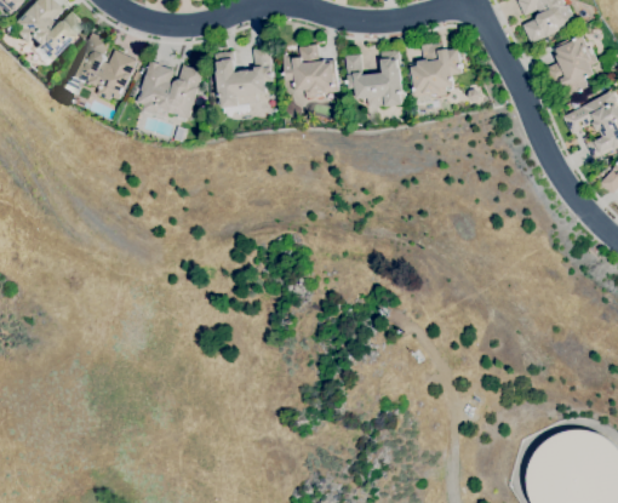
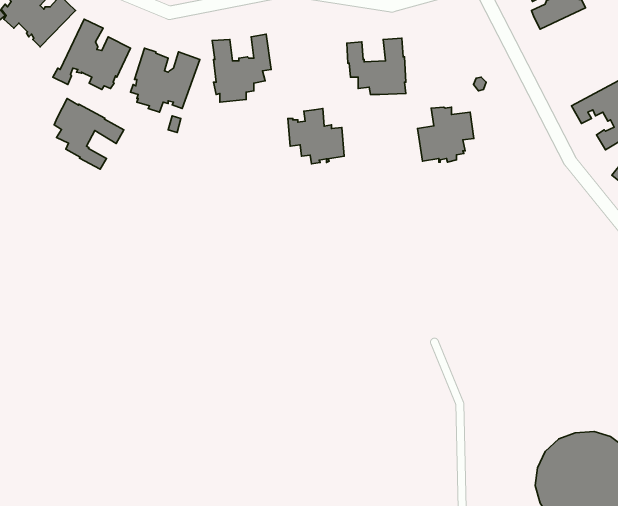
building: [544,35,597,97] -> none
building: [408,44,463,97] -> [417,107,474,162]
building: [284,45,338,98] -> [288,109,344,164]
building: none -> [54,99,124,169]

